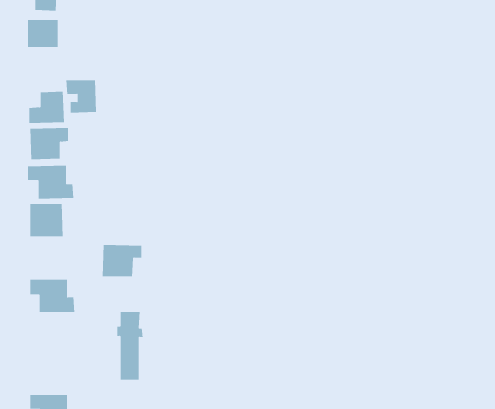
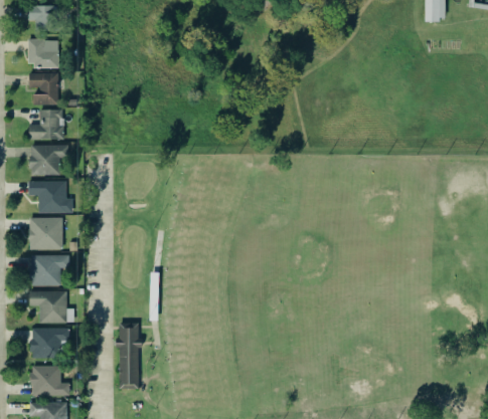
building: [66,80,97,113] -> [29,72,59,104]
building: [102,245,142,277] -> [30,254,69,285]
building: none -> [32,327,70,358]
building: none -> [31,365,70,395]

